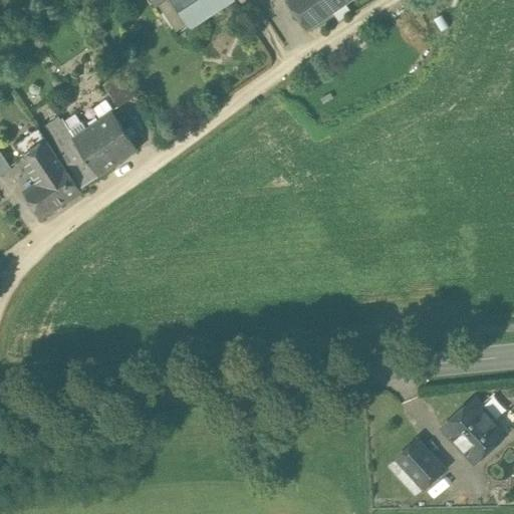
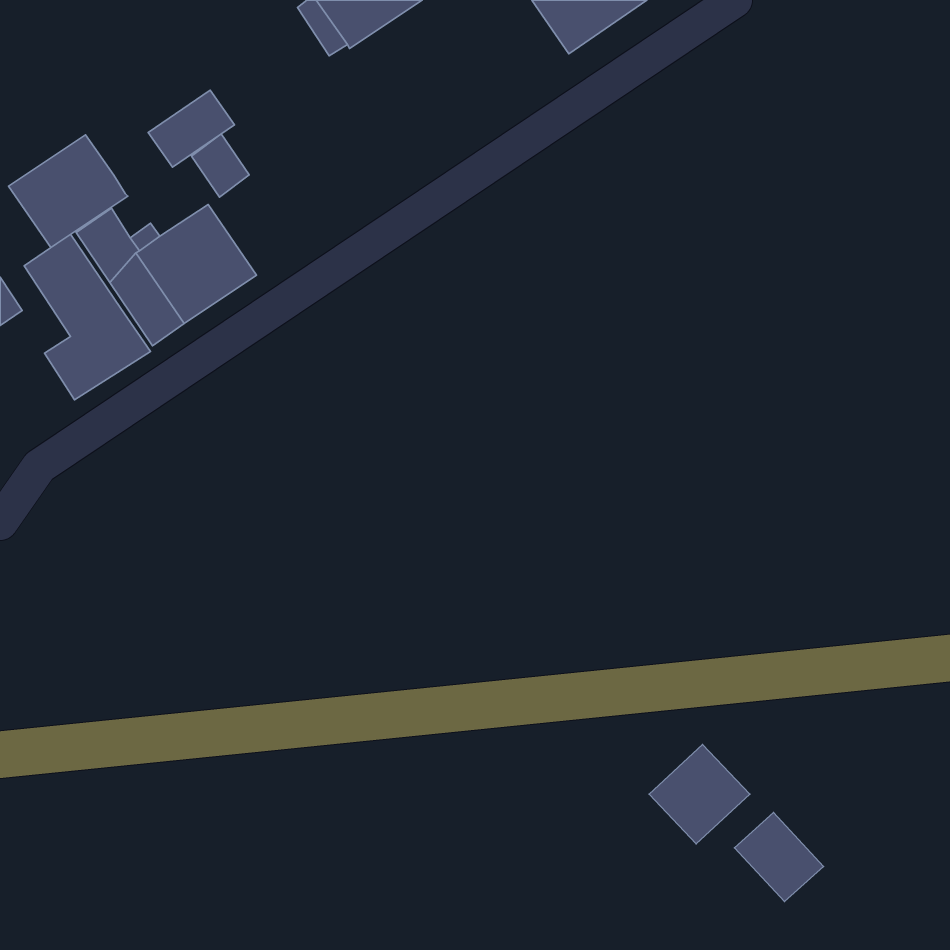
building: none -> [148,90,235,167]
building: none -> [8,135,128,248]
building: [443,398,506,462] -> none
building: none -> [649,745,750,844]

